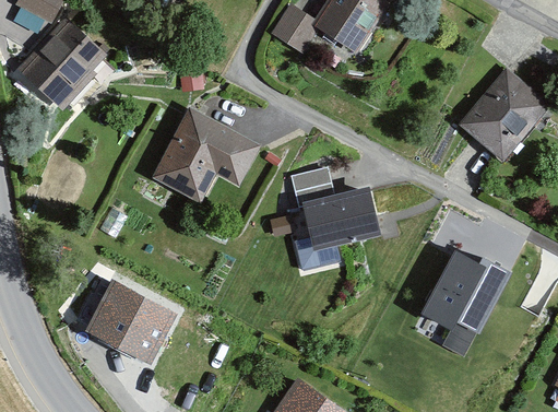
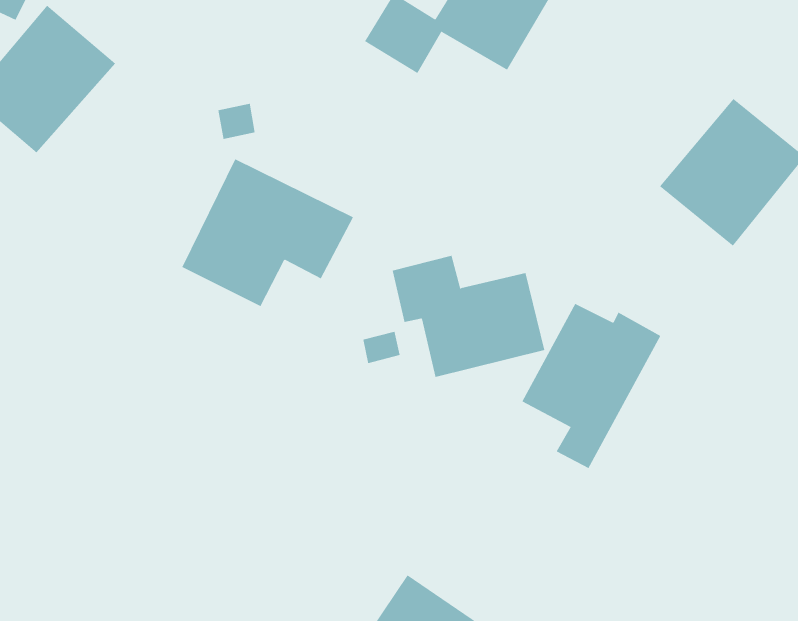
building: [415,255,503,360] -> [521,303,661,469]
building: [86,269,180,355] -> none

